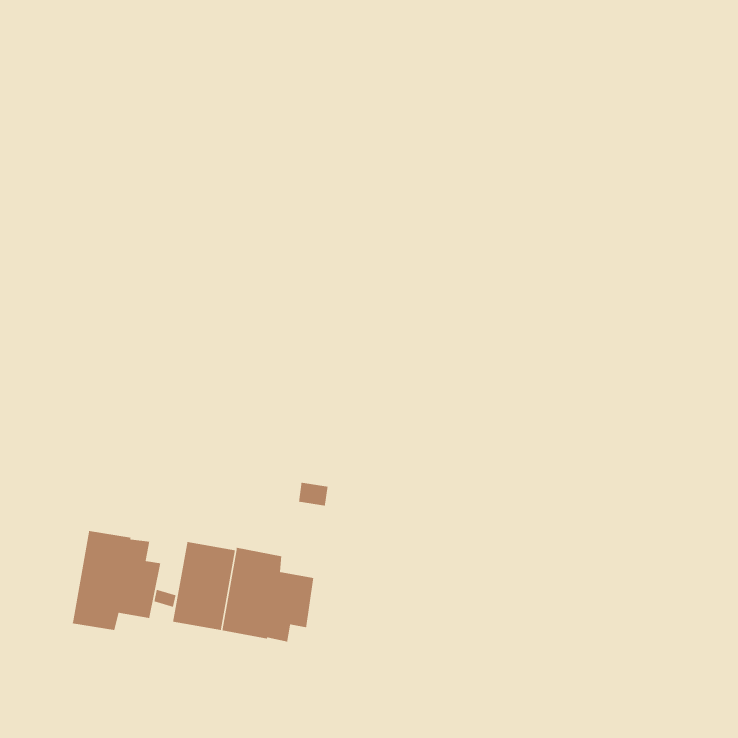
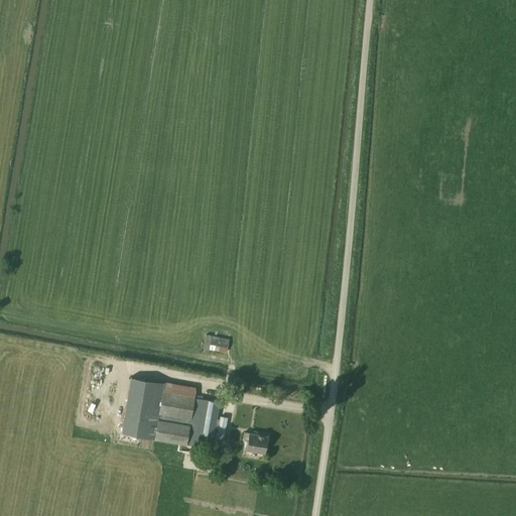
building: [72,530,161,631] -> none
building: none -> [244,433,268,455]

